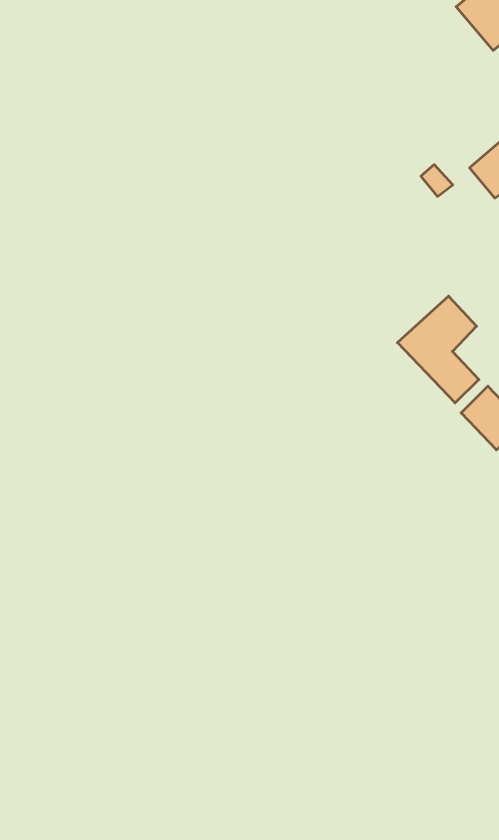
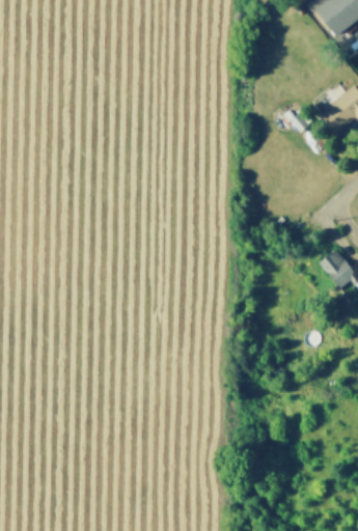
building: [397,296,479,403] -> none

